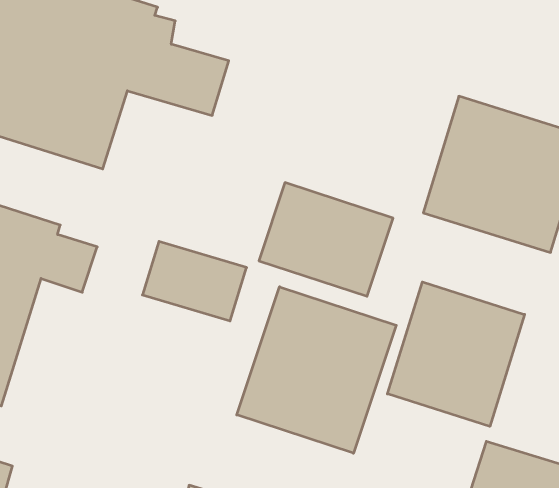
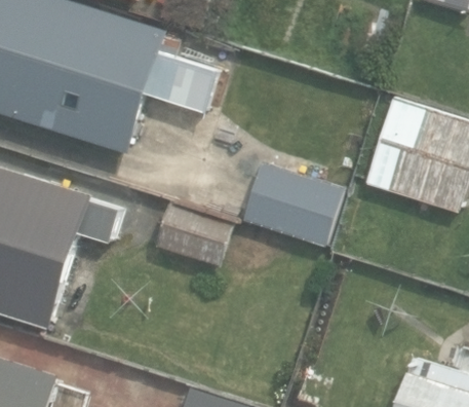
building: [387,282,525,426] -> none
building: [237,287,396,453] -> none

